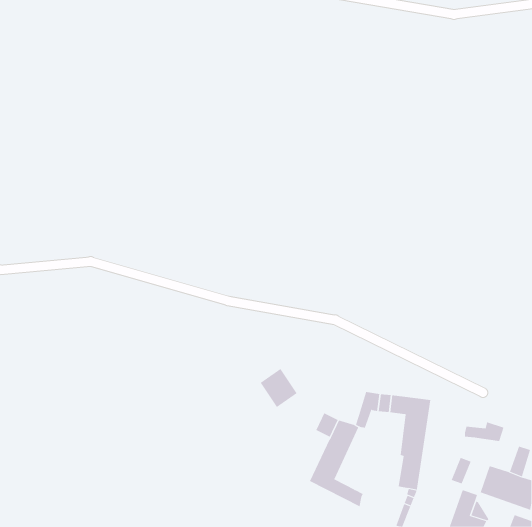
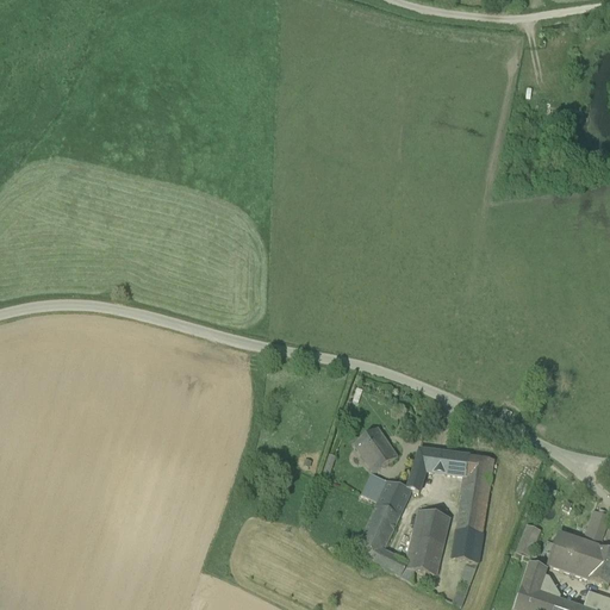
building: [260,368,297,408] -> [354,425,397,471]
building: [464,421,504,442] -> none
building: none -> [406,508,449,574]

